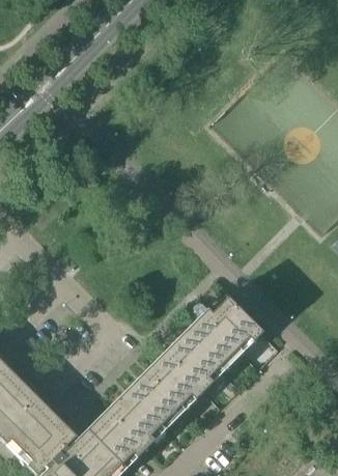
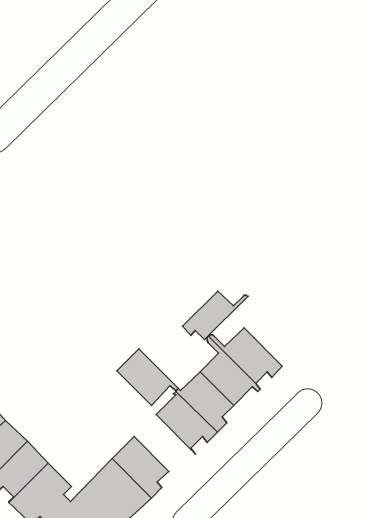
building: none -> [183,291,248,340]
building: [129,374,184,425] -> [117,349,178,405]

